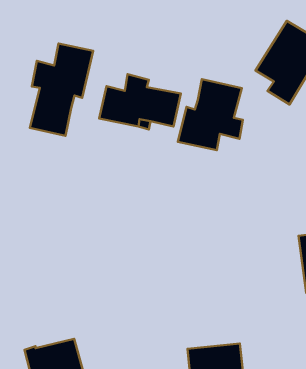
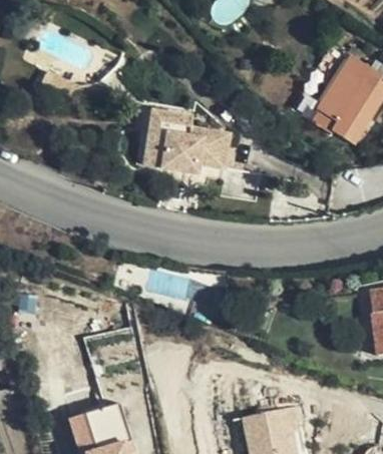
building: [30,43,93,136] -> none
building: [178,79,243,150] -> none

